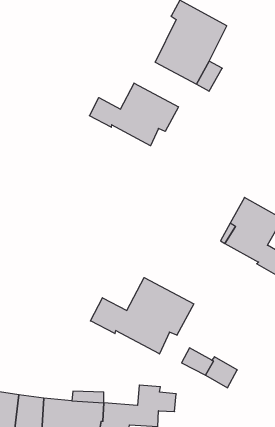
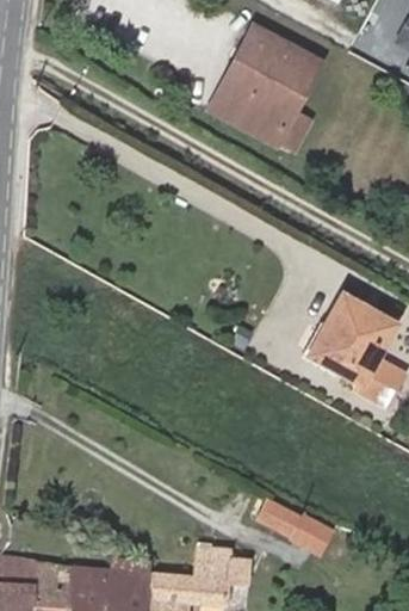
building: [89,83,178,146] -> none
building: [90,278,194,354] -> none

